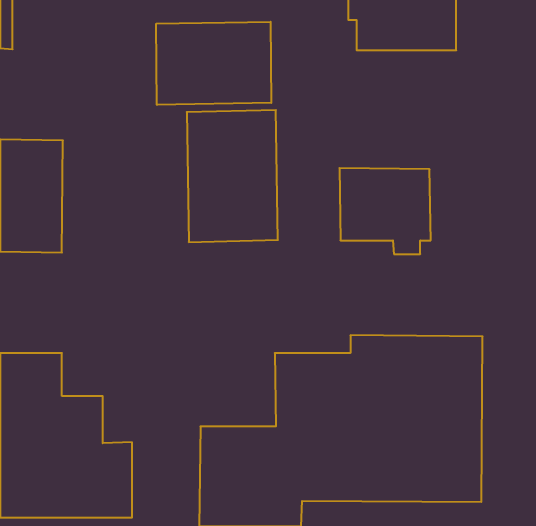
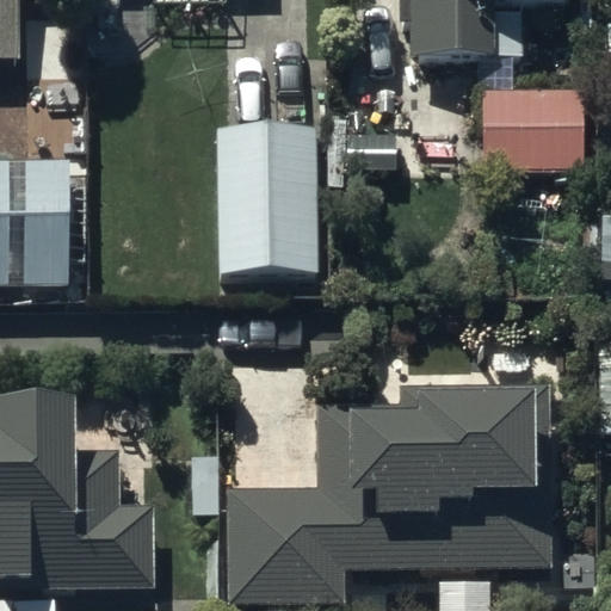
building: [156,22,271,105] -> none
building: [339,168,431,254] -> [479,87,582,185]

